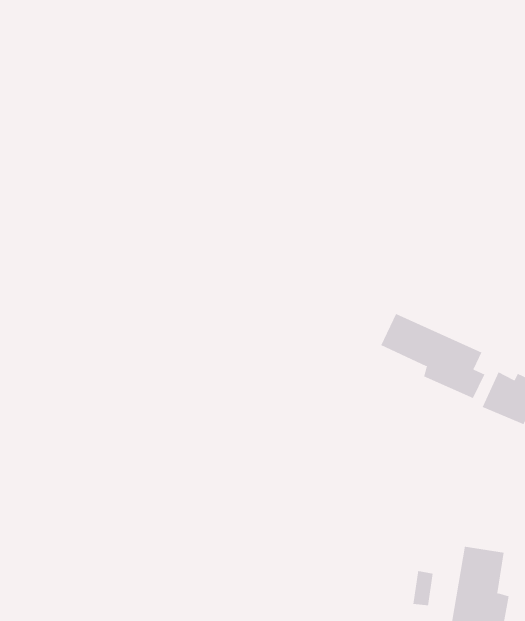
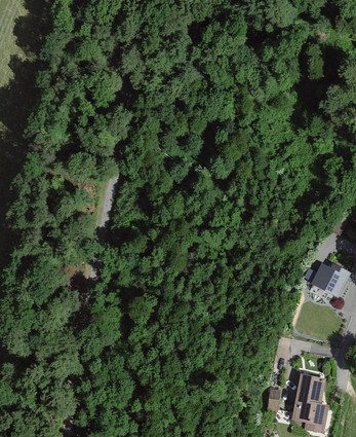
building: [381,313,485,399] -> none

